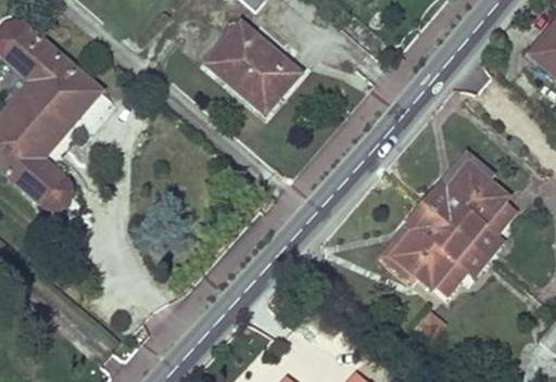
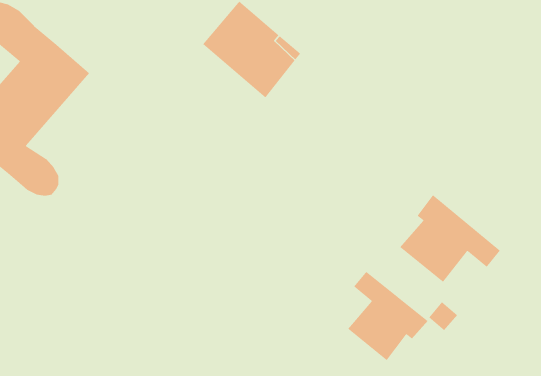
building: [422,163,506,256] -> none
building: none -> [347,271,429,361]

